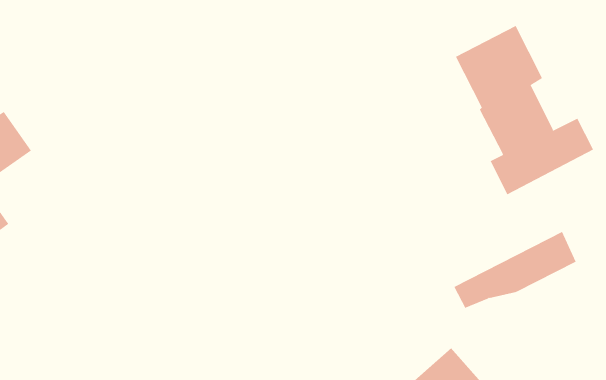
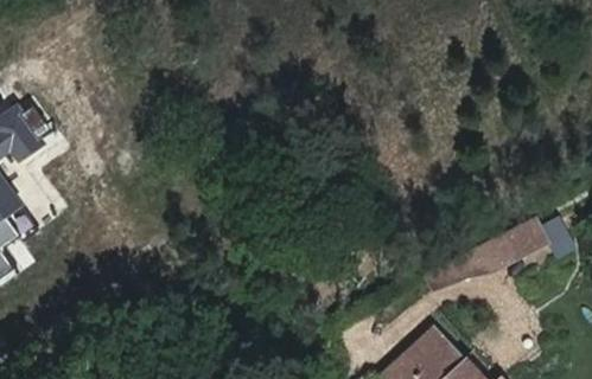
building: [455,25,594,195] -> none

